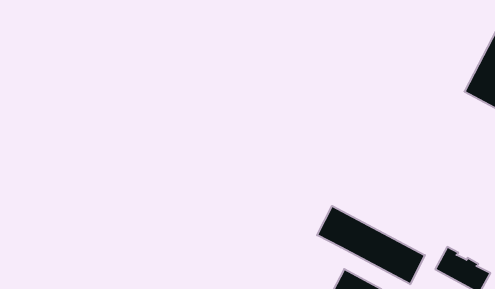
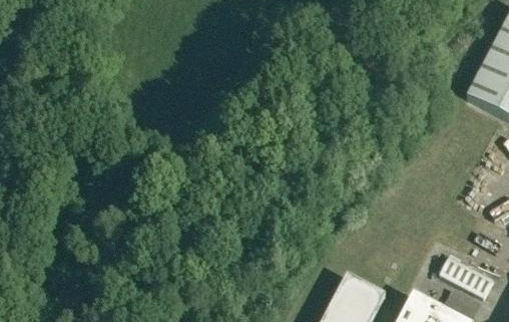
building: [317,206,425,284] -> none

